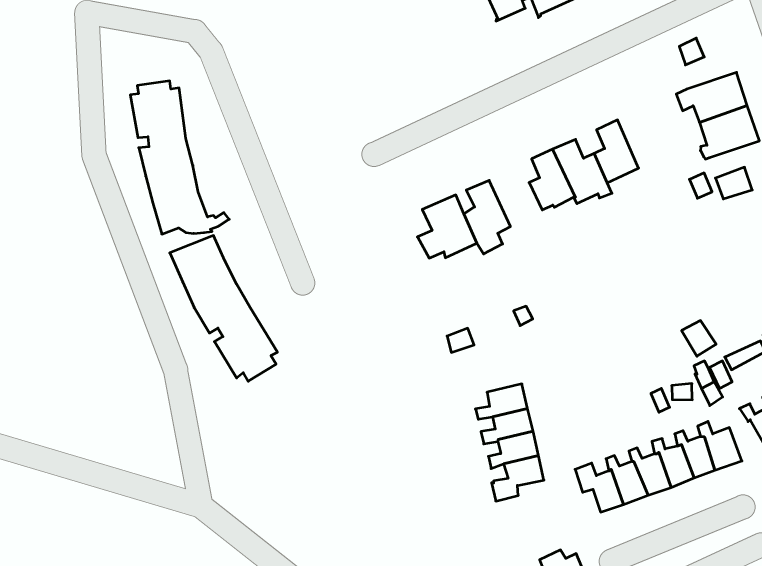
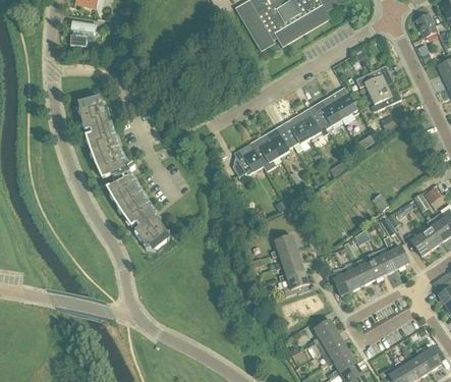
building: none -> [328,87,359,118]
building: none -> [266,126,294,155]

